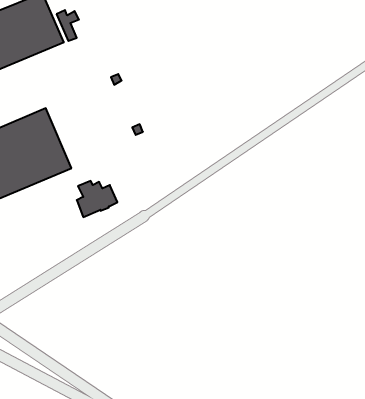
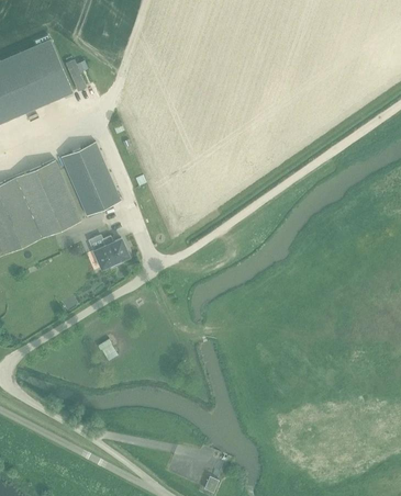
building: none -> [60,143,121,216]

